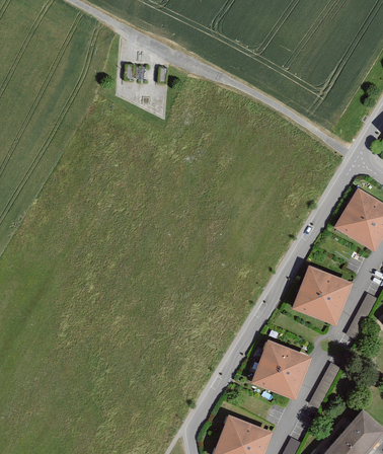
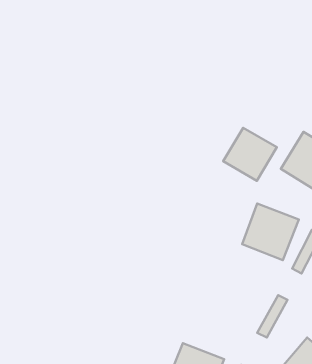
building: none -> [223,128,277,181]
building: [250,339,311,400] -> none

